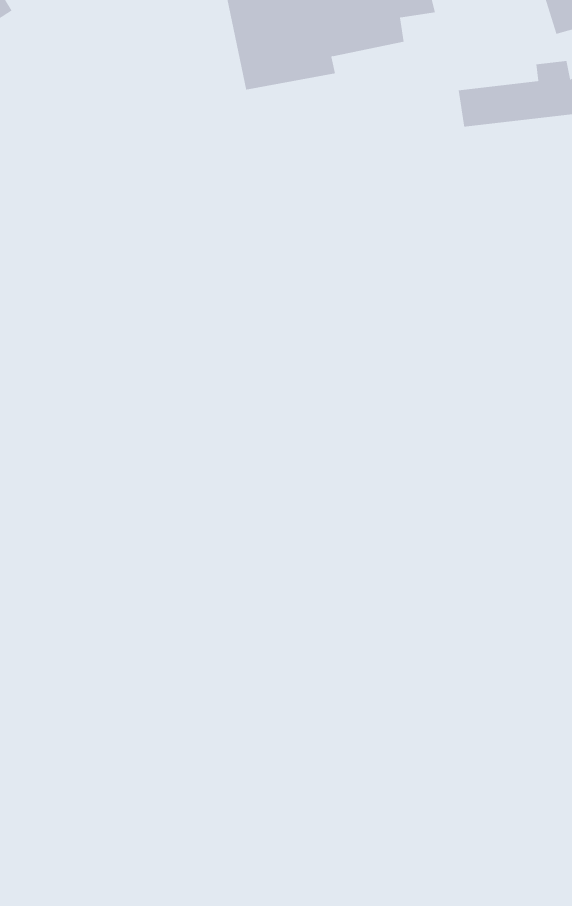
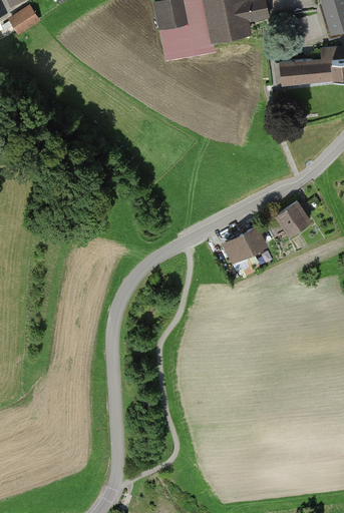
building: none -> [279,201,309,231]
building: none -> [229,225,266,259]

